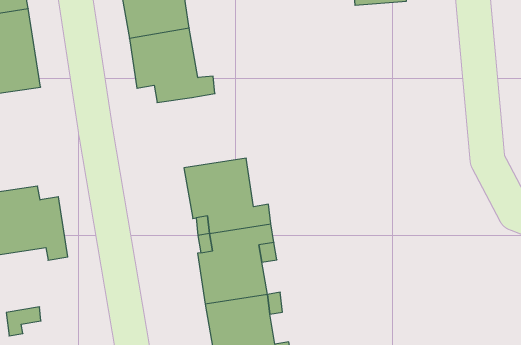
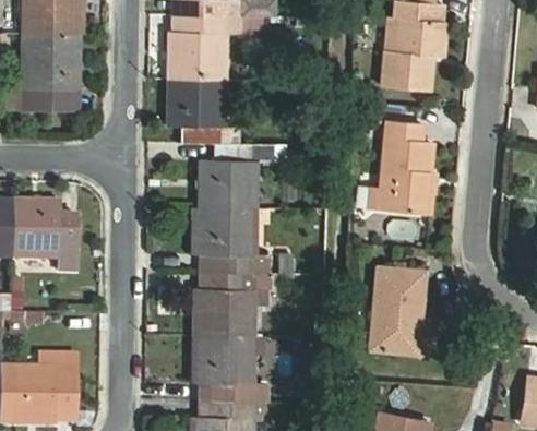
building: none -> [380,121,432,214]
building: none -> [199,143,286,207]
building: none -> [371,268,427,354]

